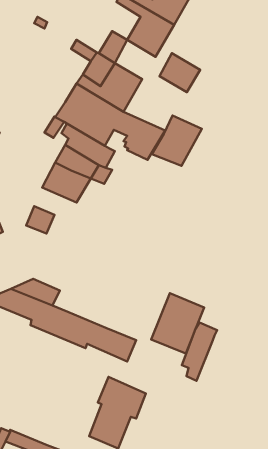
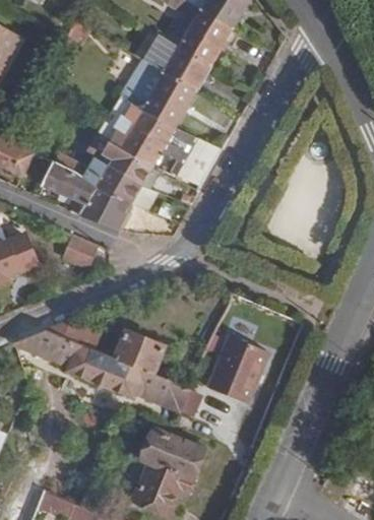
building: [159,53,200,92] -> [164,46,210,90]
building: [152,116,202,166] -> none
building: none -> [43,161,96,214]
building: none -> [110,332,164,375]
building: [182,322,217,381] -> none

